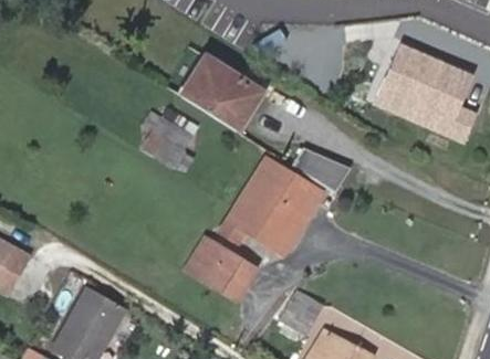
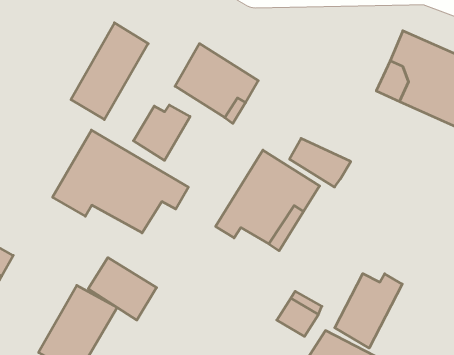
building: none -> [71,23,148,120]
building: none -> [53,130,188,233]
building: [188,239,253,298] -> [88,258,157,320]
building: none -> [335,274,402,348]

